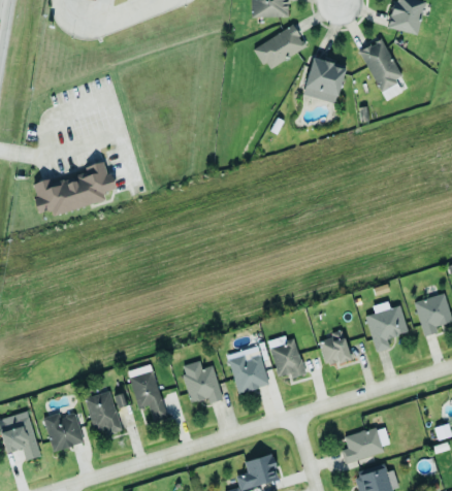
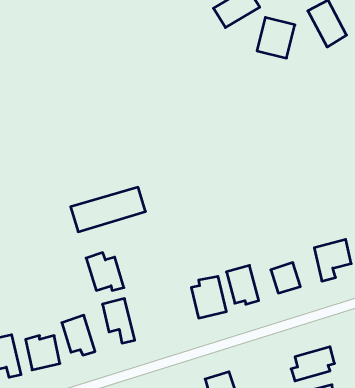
building: [30,167,114,217] -> [71,187,146,232]
building: [181,360,223,402] -> [86,253,124,290]

